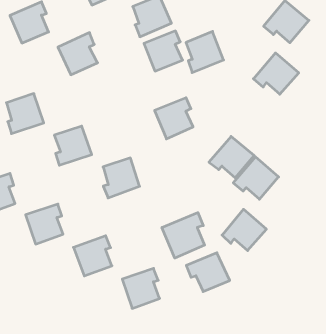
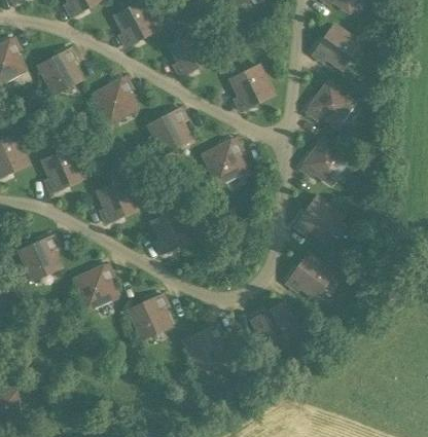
building: [144,31,183,71] -> [148,109,191,154]
building: [209,136,254,178] -> [300,140,349,184]
building: [162,213,205,258] -> none

